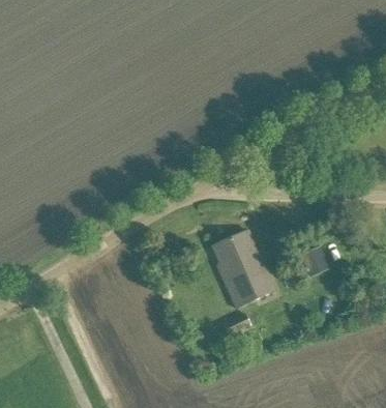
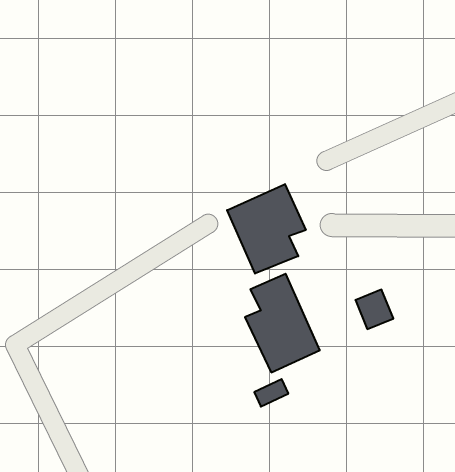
building: none -> [227,184,306,274]

